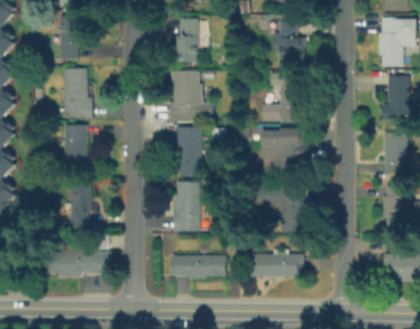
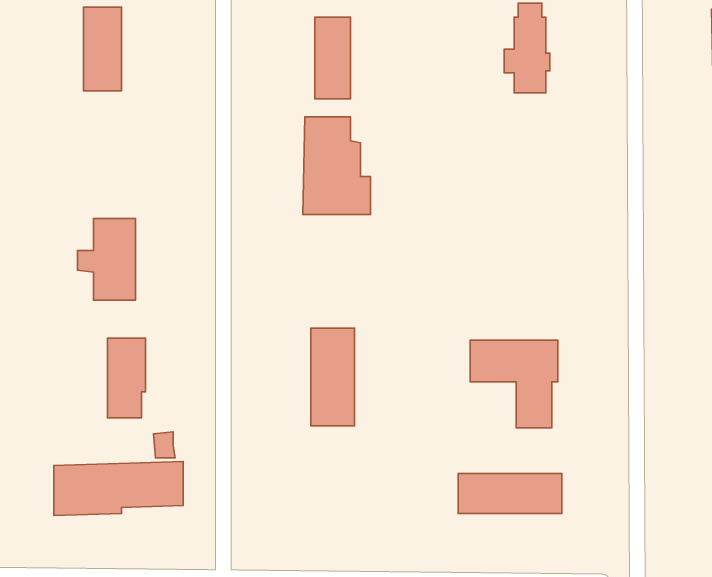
building: [62,71,91,118] -> none
building: [262,73,302,121] -> none
building: [178,128,201,176] -> none
building: [261,131,306,173] -> none
building: [174,257,226,278] -> none

